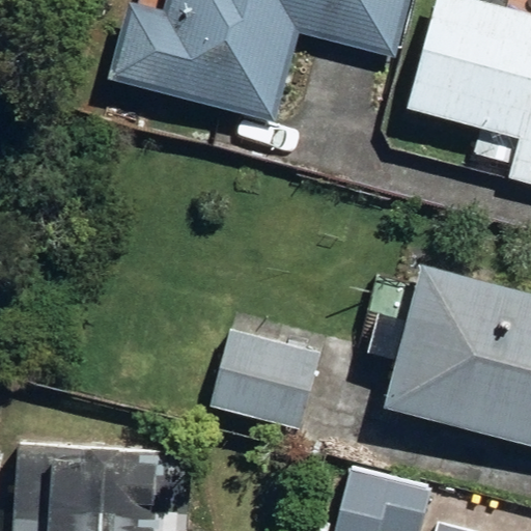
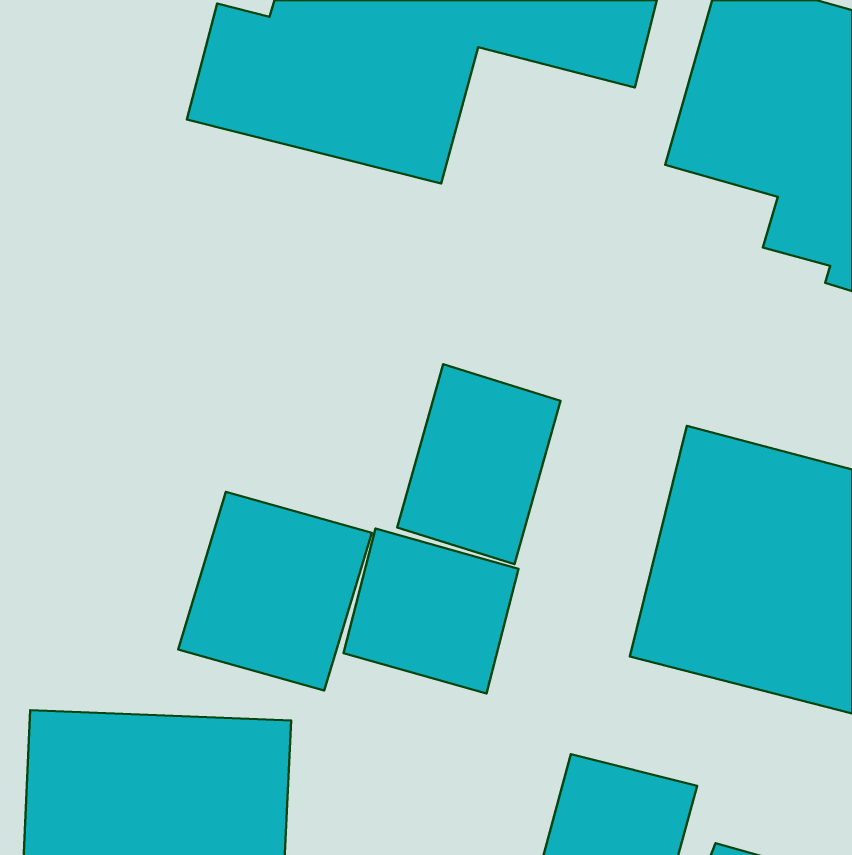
building: none -> [397,364,561,564]
building: none -> [178,492,372,691]

